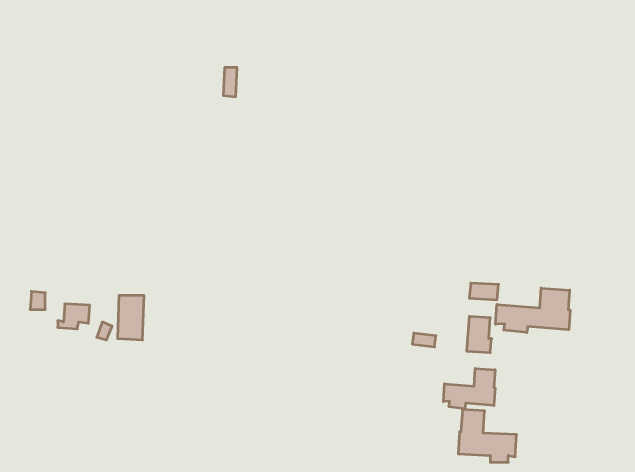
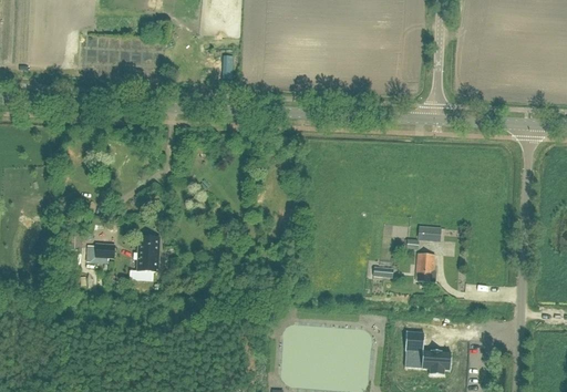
building: [496,288,570,333] -> none
building: [443,368,495,409] -> none

